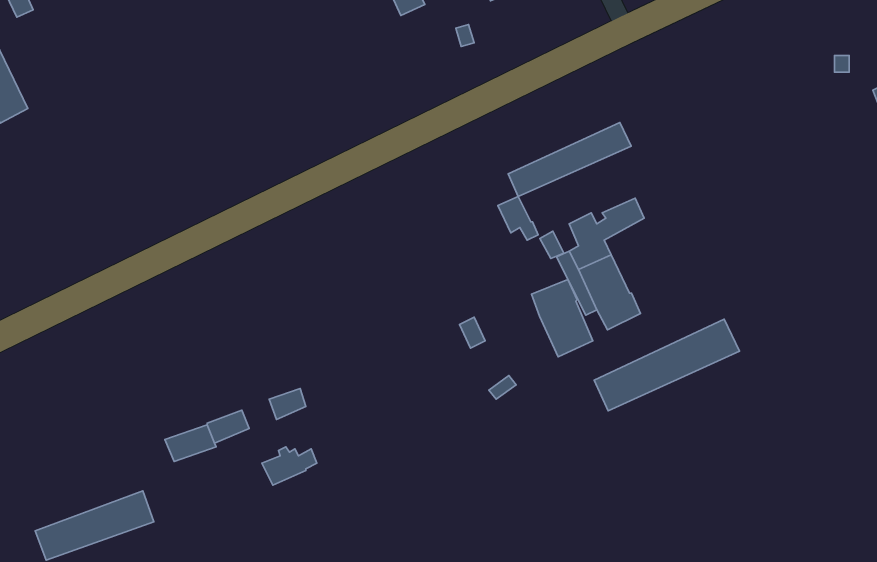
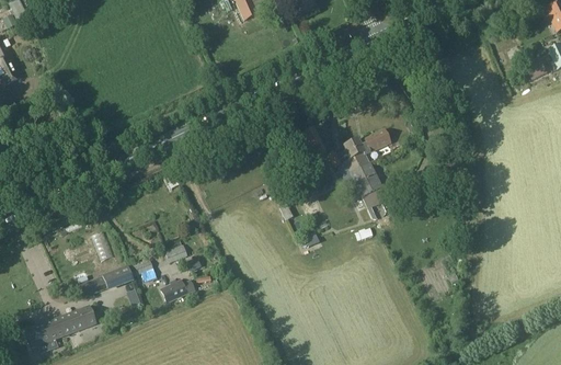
building: [508,123,631,196] -> none
building: [532,279,593,357] -> none
building: [594,319,740,411] -> none

